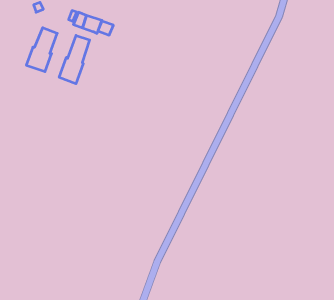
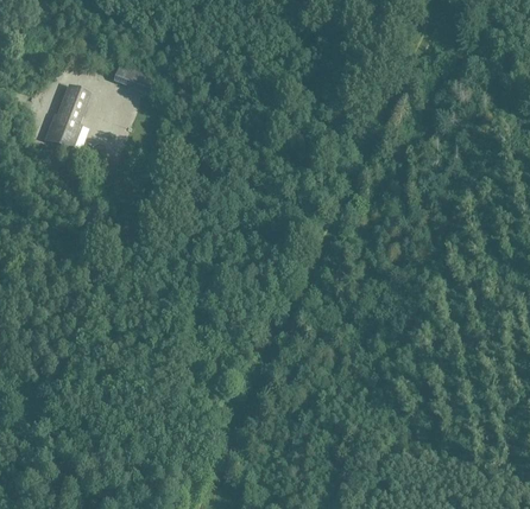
building: [59,35,90,84] -> none

